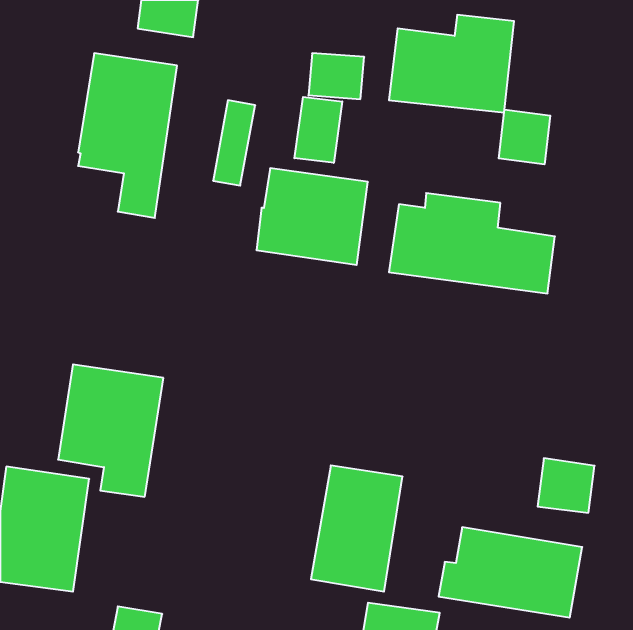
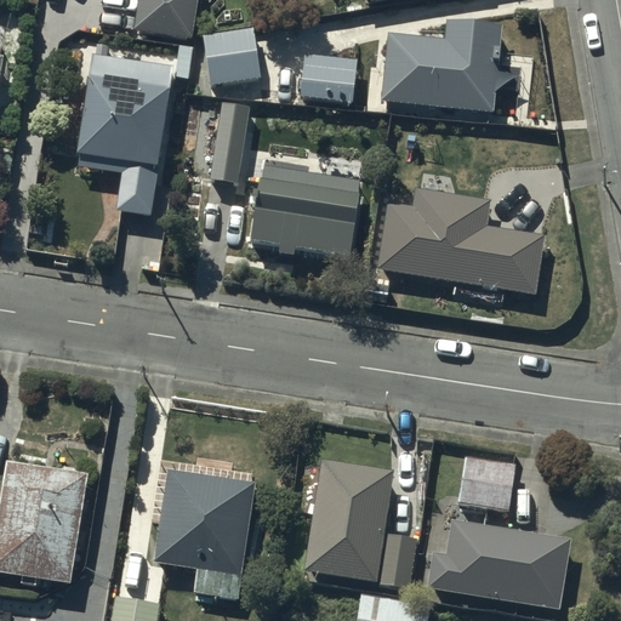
building: none -> [206,30,260,82]
building: [294,97,342,163] -> none
building: [499,110,550,164] -> none
building: [58,364,163,497] -> [153,468,256,598]
building: [538,458,595,513] -> [458,457,514,511]

